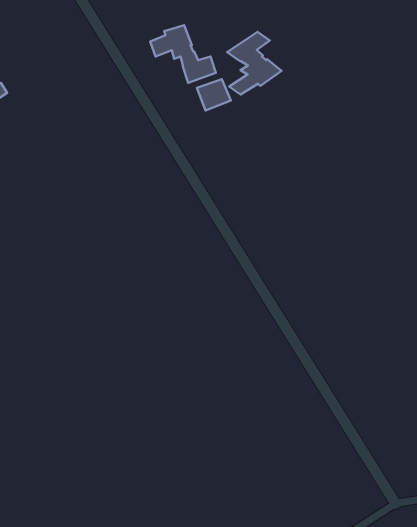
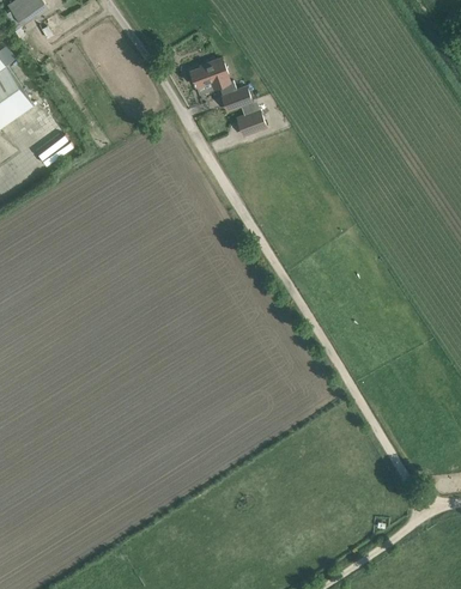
building: [227,32,282,95] -> none

